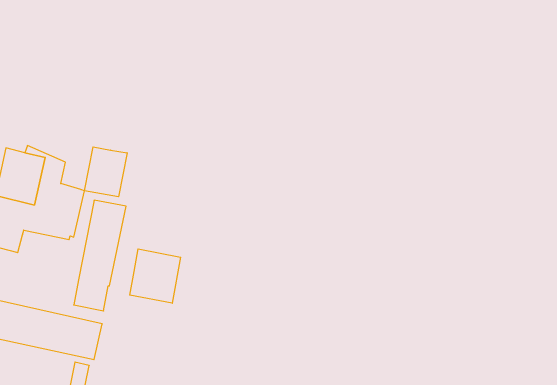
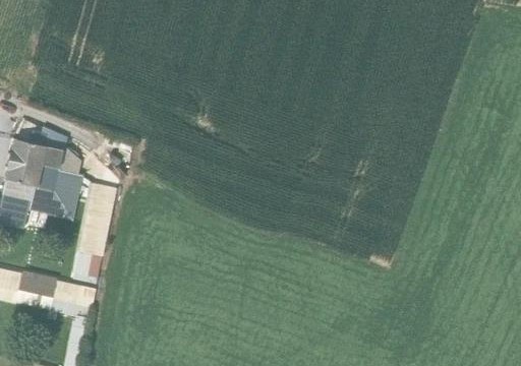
building: [84,147,127,197] -> none
building: [130,249,181,303] -> none

